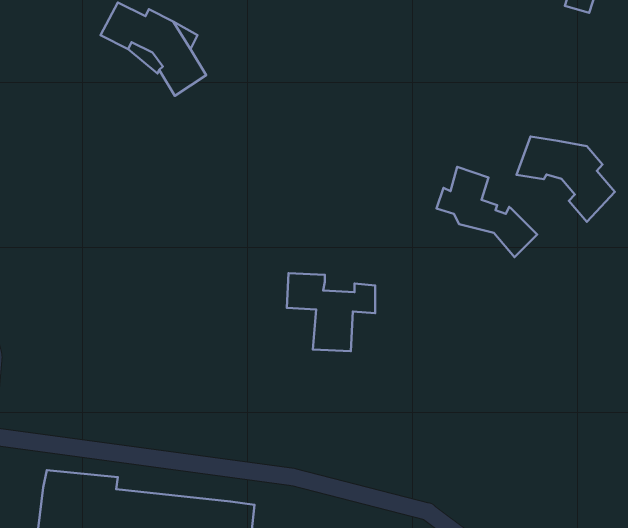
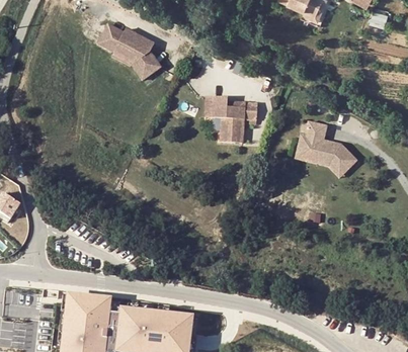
building: [517,136,615,222] -> none
building: [287,273,375,351] -> [206,93,257,139]

